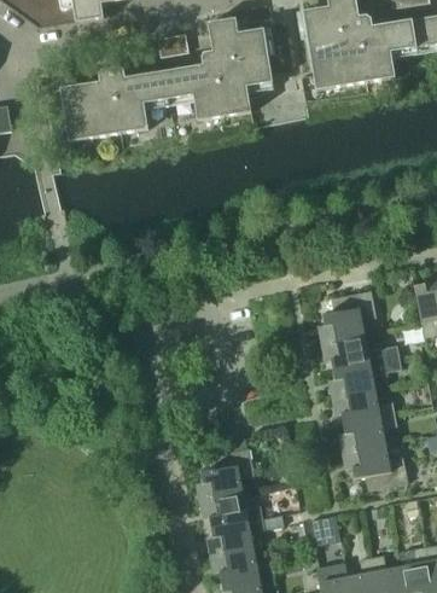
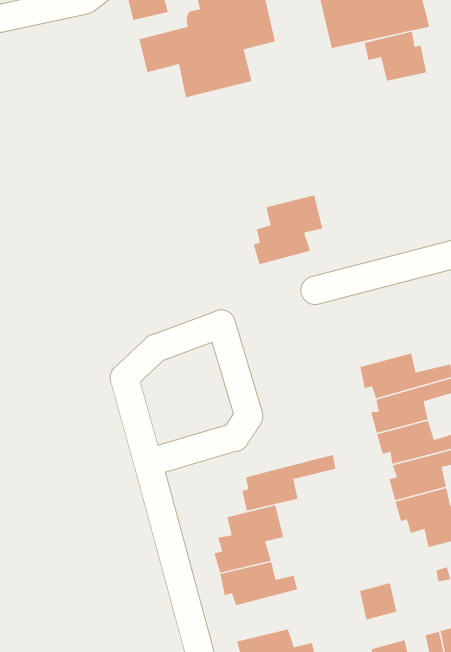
building: [60,66,169,141] -> none
building: none -> [364,31,427,82]
building: [319,290,375,343] -> [253,194,323,265]
building: [208,513,284,554] -> [242,454,336,512]

